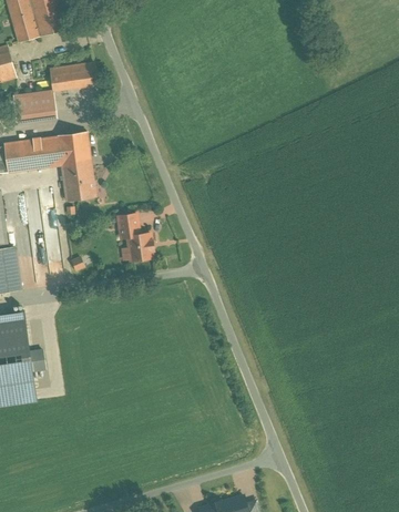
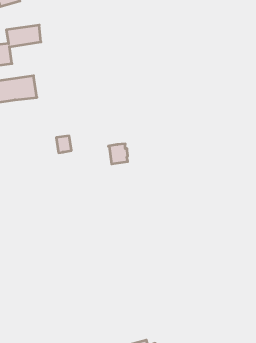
building: [63,161,98,202] -> none
building: [129,233,155,260] -> [108,144,128,164]

